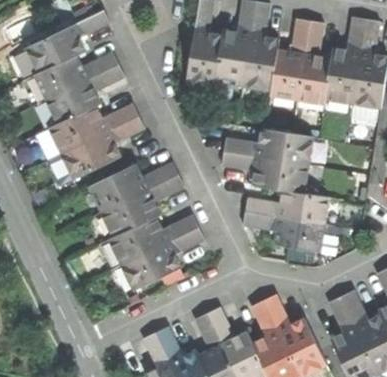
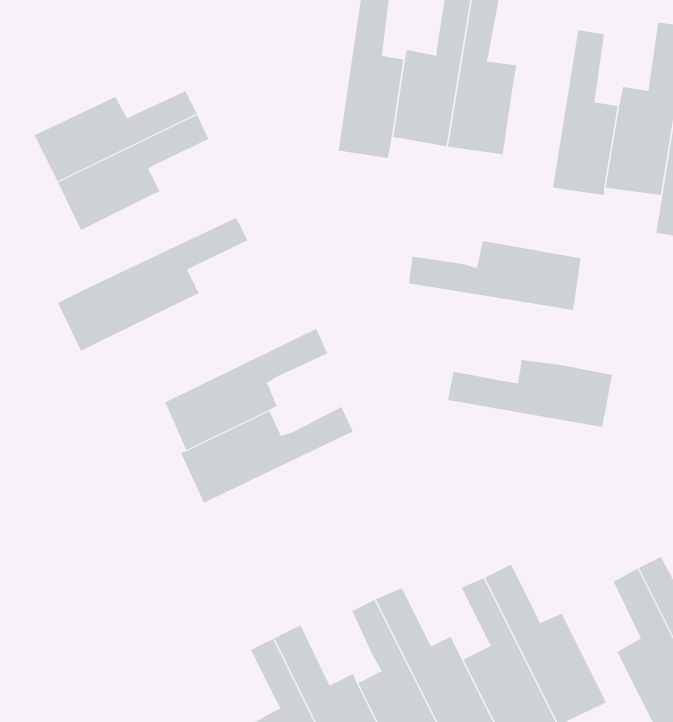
building: [24,10,109,73] -> none
building: [271,18,311,102] -> none
building: [47,103,136,153] -> none
building: [222,151,309,193] -> none
building: [86,161,177,212] -> none
building: [242,211,324,251] -> none
building: [119,227,203,290] -> none

